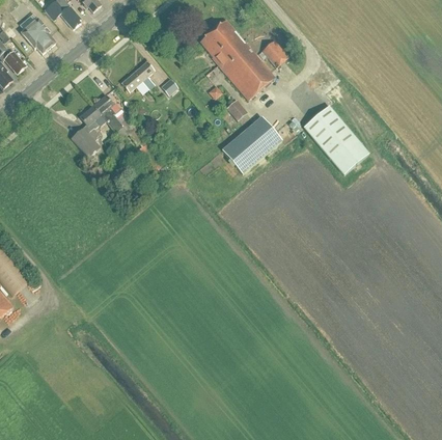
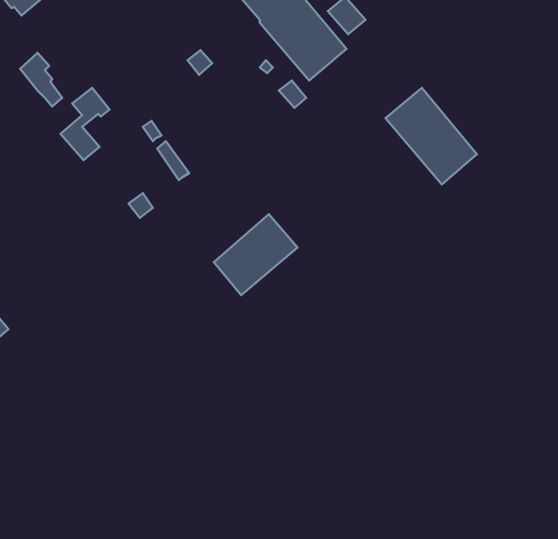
building: [120,61,154,91] -> none
building: [91,93,121,132] -> [20,53,62,106]
building: [221,115,281,173] -> [214,214,298,295]

